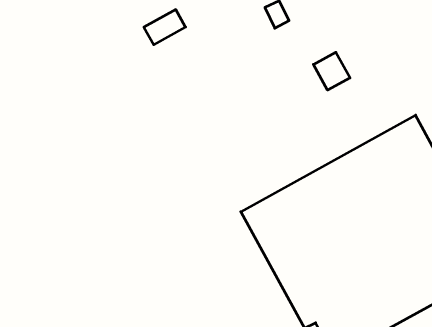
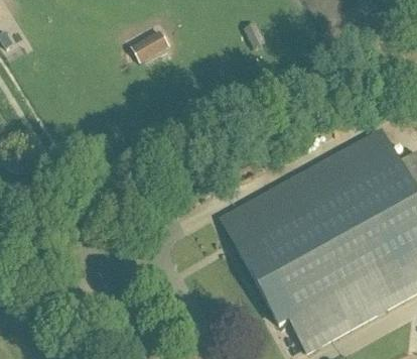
building: [313,52,350,90] -> none

